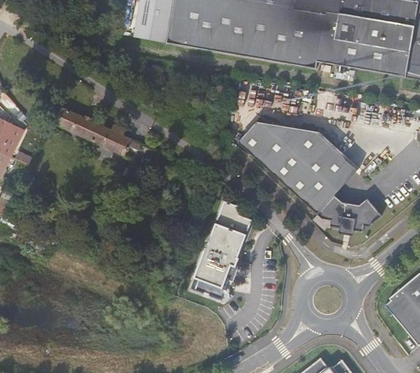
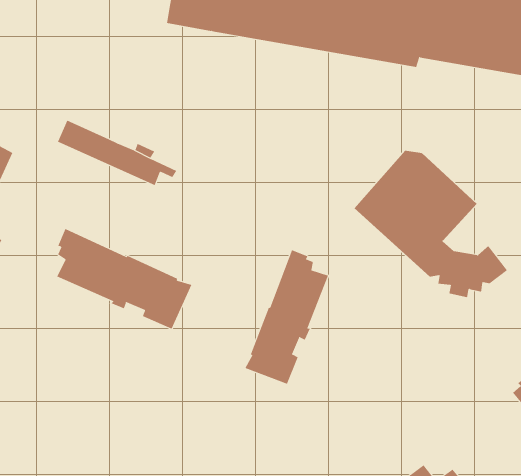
building: [237,120,306,170] -> none
building: none -> [56,228,192,330]

